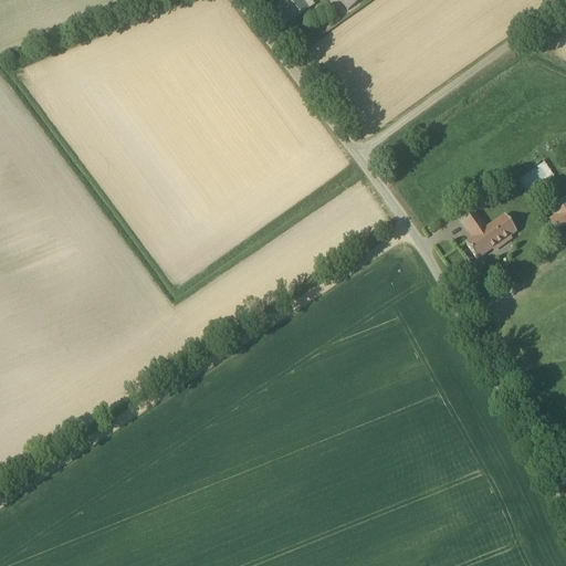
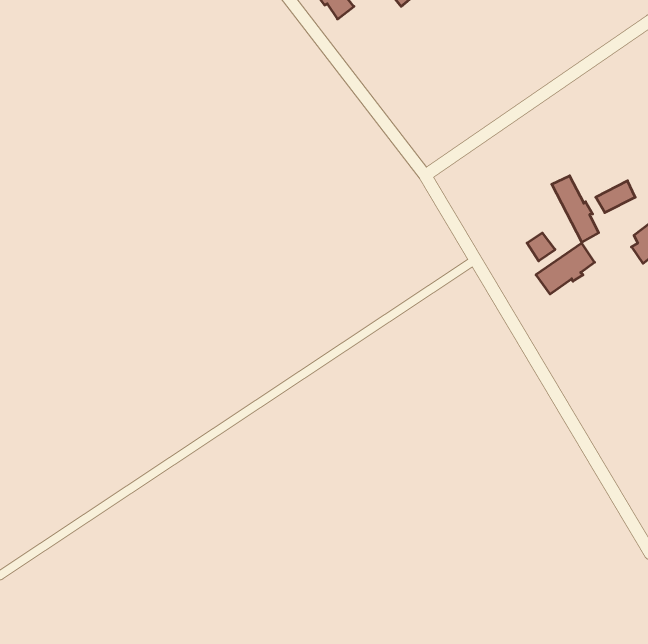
building: none -> [552,176,599,242]

